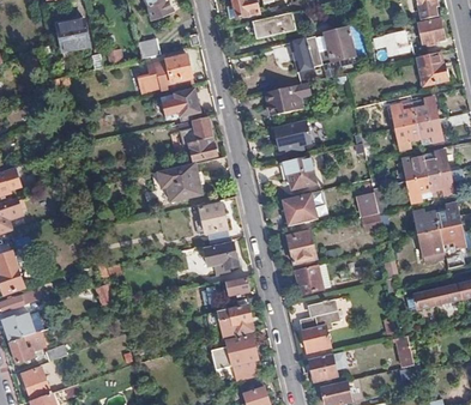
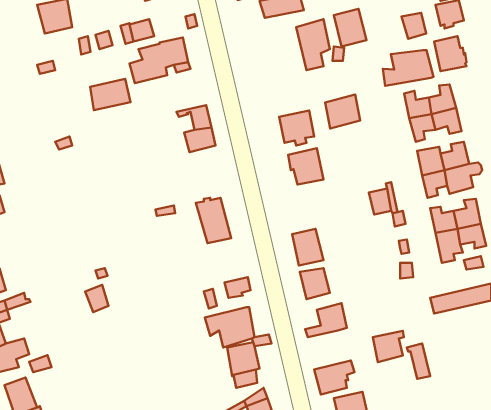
building: none -> [383,50,434,86]
building: [265,85,297,116] -> [325,95,360,128]
building: [162,89,199,117] -> [90,79,130,110]
building: [153,163,198,201] -> none
building: [282,193,316,226] -> none
building: [204,238,238,273] -> none
building: [301,324,330,352] -> [373,331,404,362]

